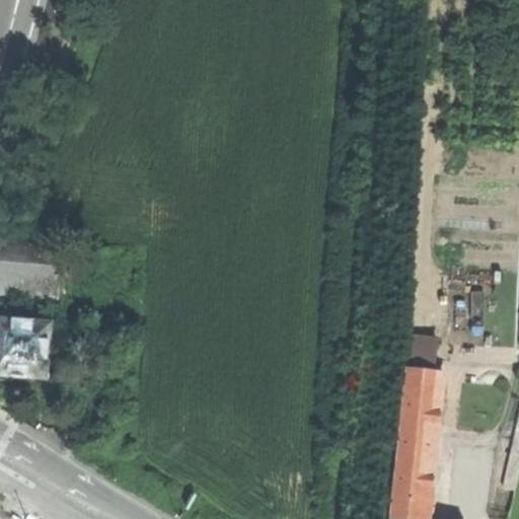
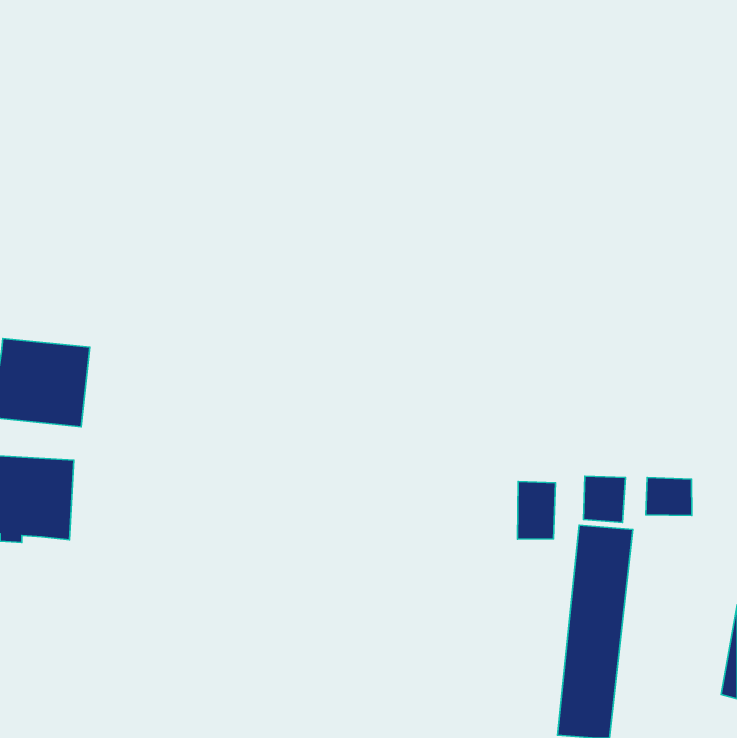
building: none -> [646,478,692,515]
building: none -> [517,482,556,539]

